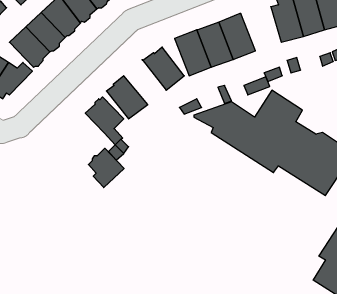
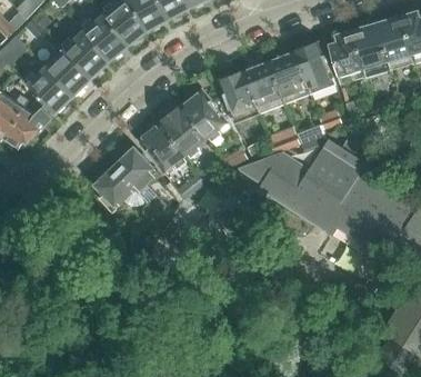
building: none -> [293,40,335,93]
building: none -> [157,103,207,156]
building: [88,148,124,188] -> [94,166,136,211]

